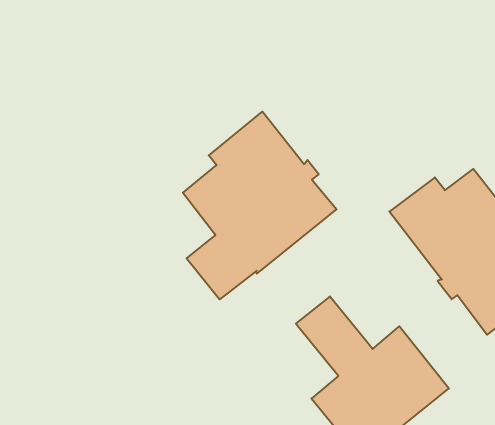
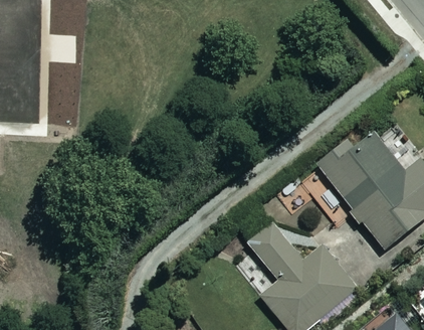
building: [183,112,337,299] -> none

